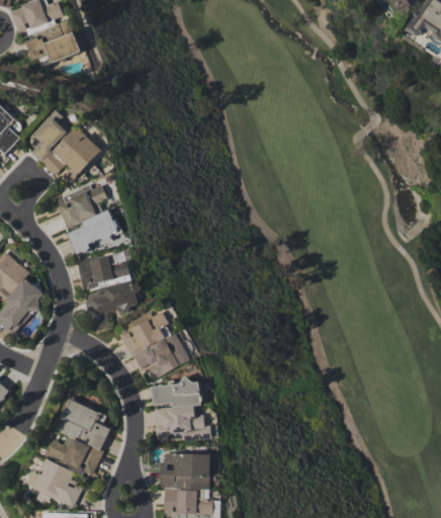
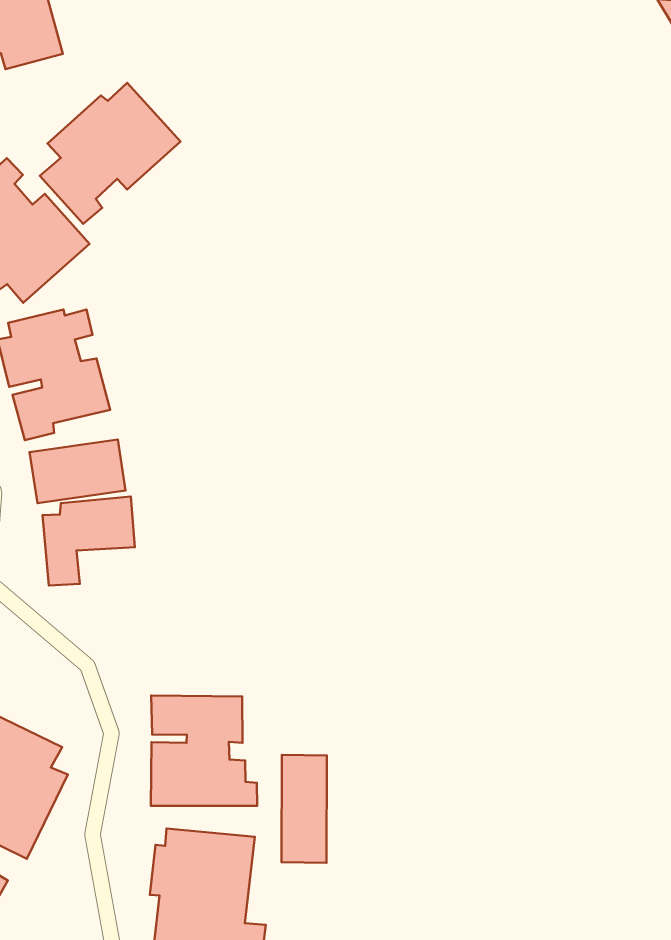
building: none -> [40,83,180,224]
building: [119,311,191,377] -> none
building: none -> [281,755,327,863]

